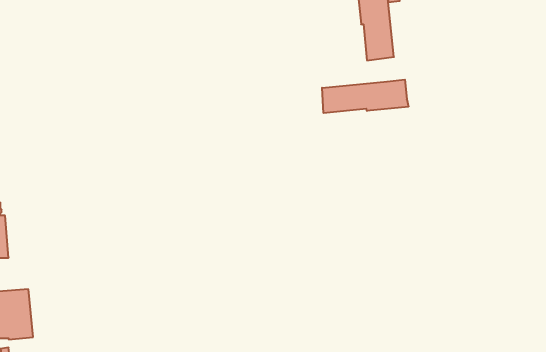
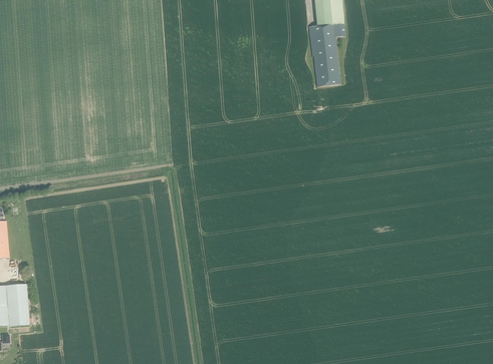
building: [322,80,408,113] -> none

